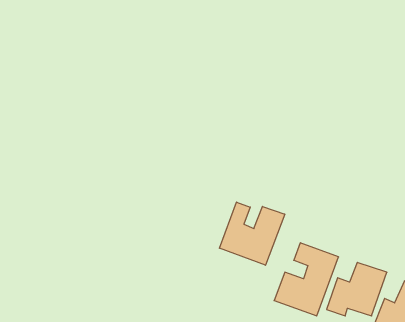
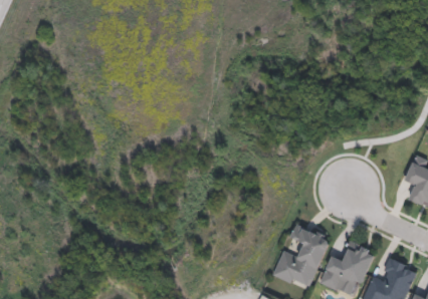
building: [219,202,285,265] -> none

